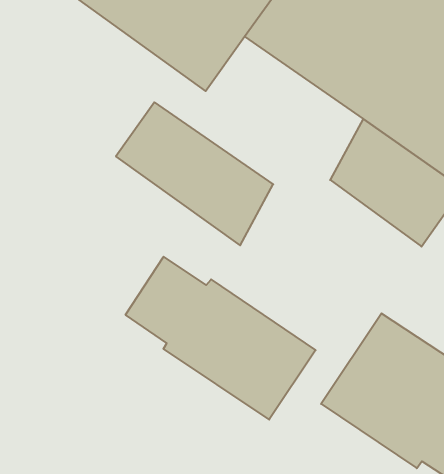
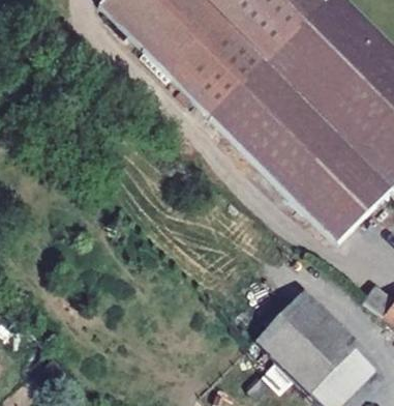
building: [116,102,273,245] -> [212,85,314,191]
building: [126,257,316,420] -> none

